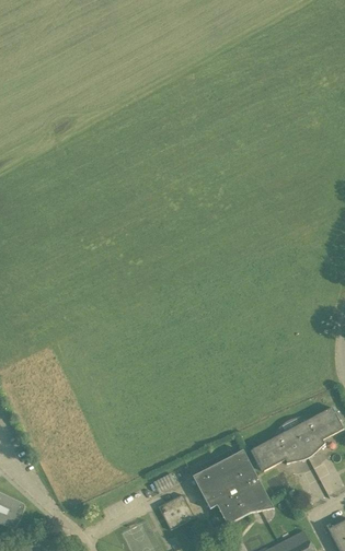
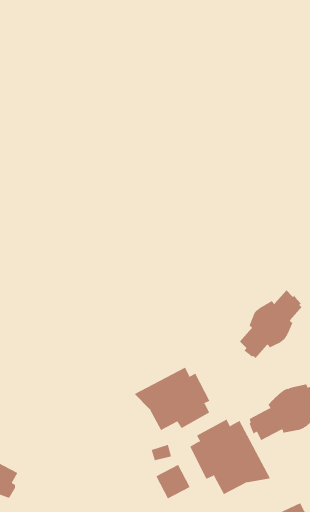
building: none -> [239,290,303,359]
building: none -> [134,367,210,431]

